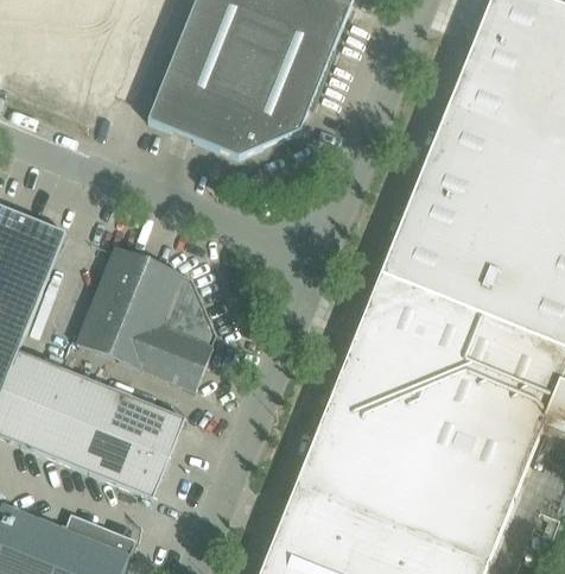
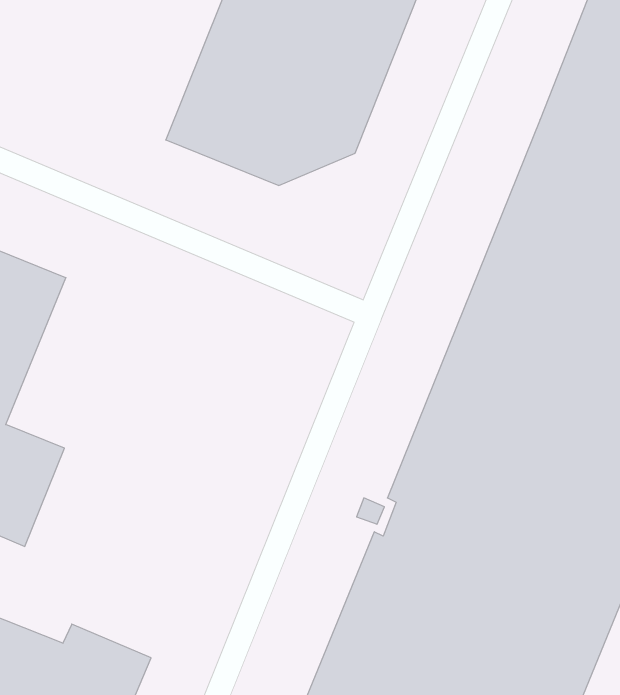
building: [77,246,216,390] -> none
building: [33,370,185,498] -> none

